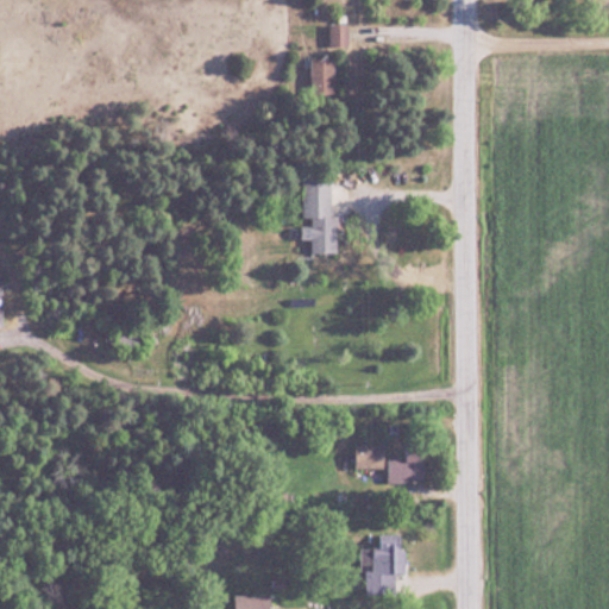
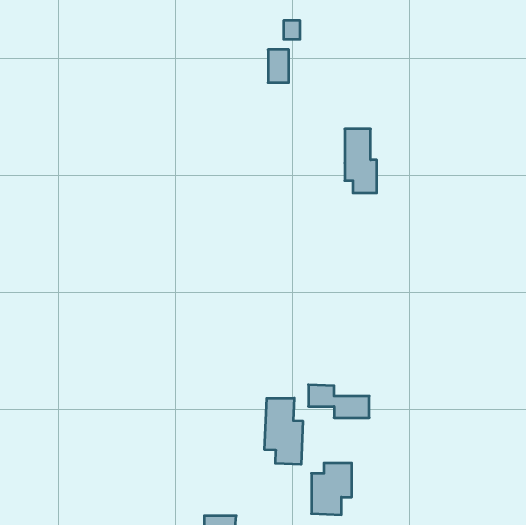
building: [302,181,339,255] -> [345,129,377,193]
building: none -> [265,398,303,464]

